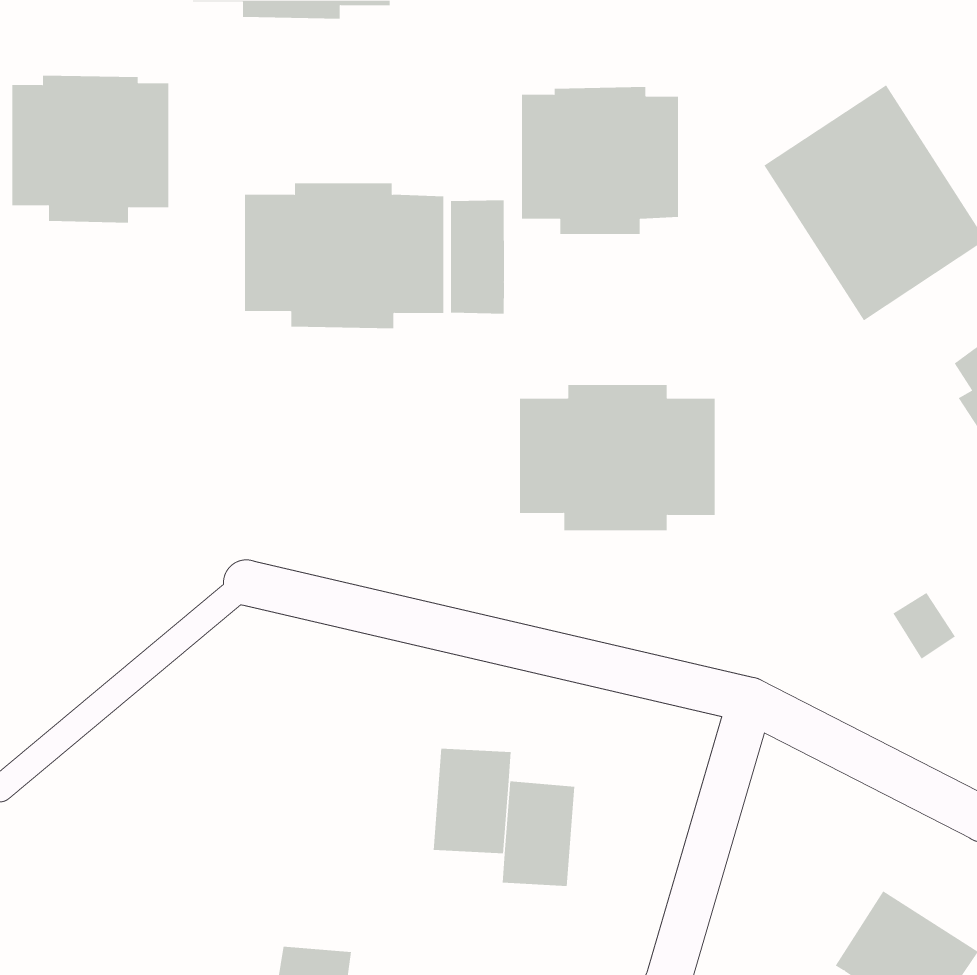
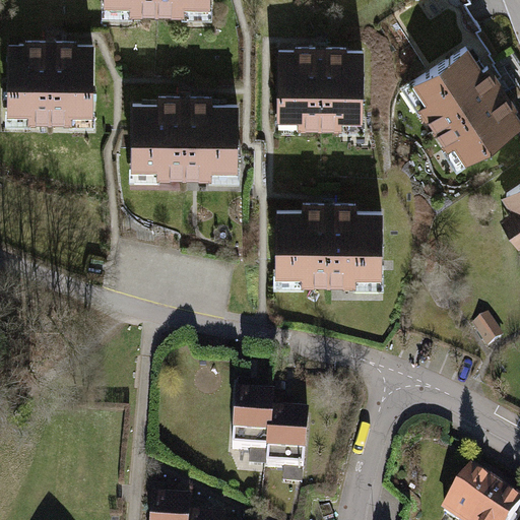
building: [451,200,504,315] -> none

